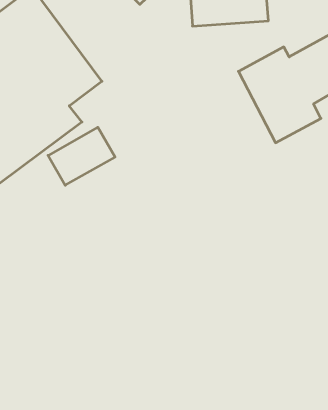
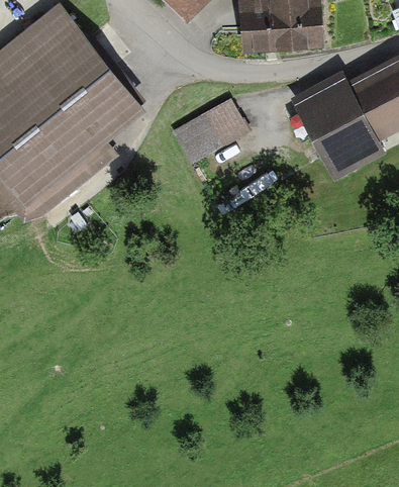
building: [48,127,115,185] -> [176,100,251,165]

